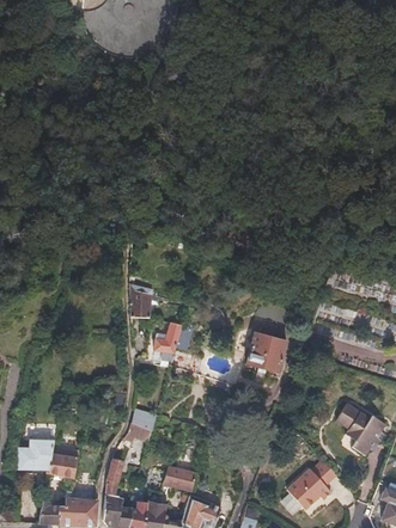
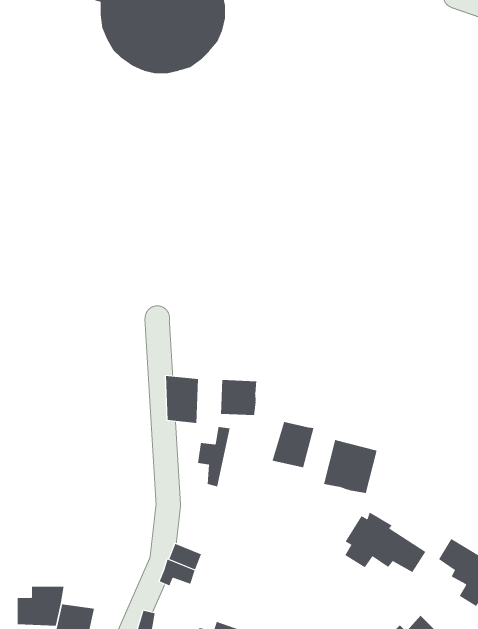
building: none -> [221,379,257,416]
building: none -> [272,421,314,468]
building: none -> [345,512,426,573]

